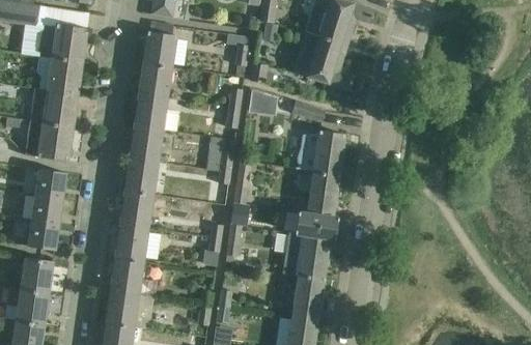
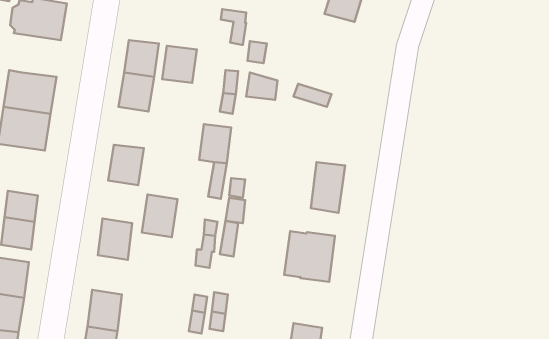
building: [143,32,174,65] -> [162,46,197,83]
building: [307,38,354,90] -> none
building: [36,56,82,95] -> none
building: [130,122,161,160] -> none
building: [296,131,344,175] -> none
building: [34,169,65,202] -> none
building: [119,189,151,227] -> [142,194,178,237]
building: [288,212,338,240] -> none
building: [110,256,142,291] -> none
building: [291,277,324,321] -> none

